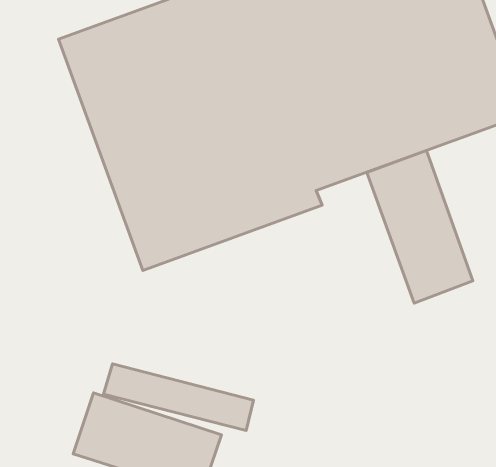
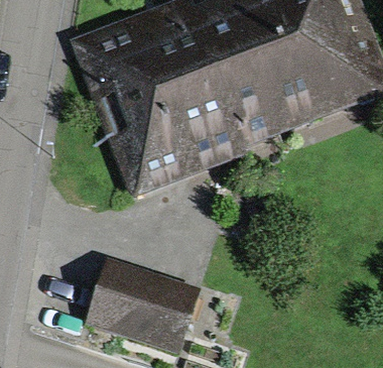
building: [367,151,473,303] -> none

